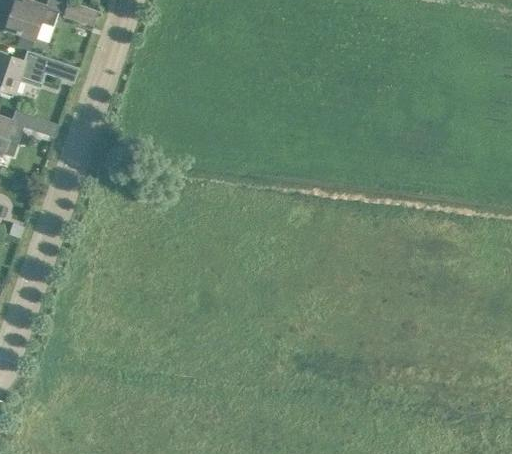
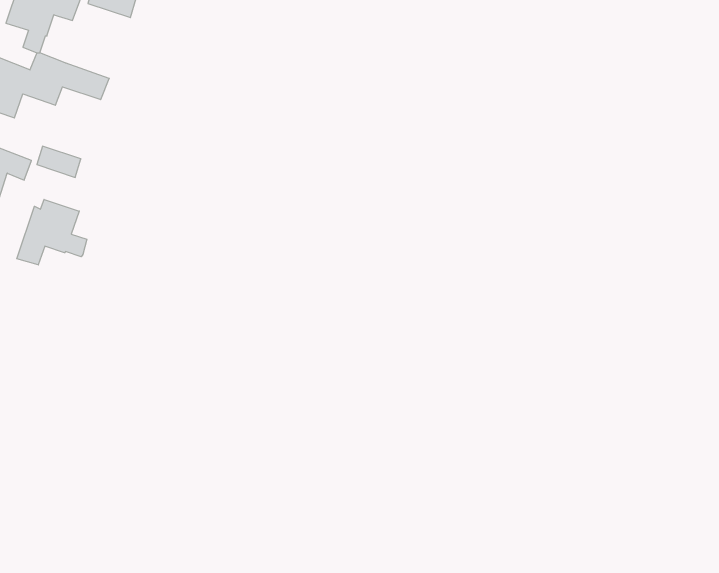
building: none -> [17,199,87,265]

